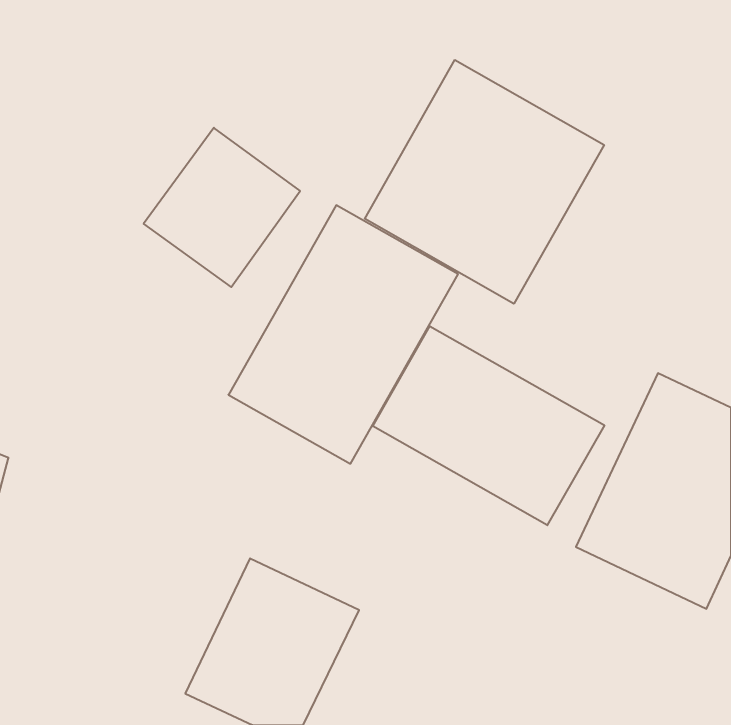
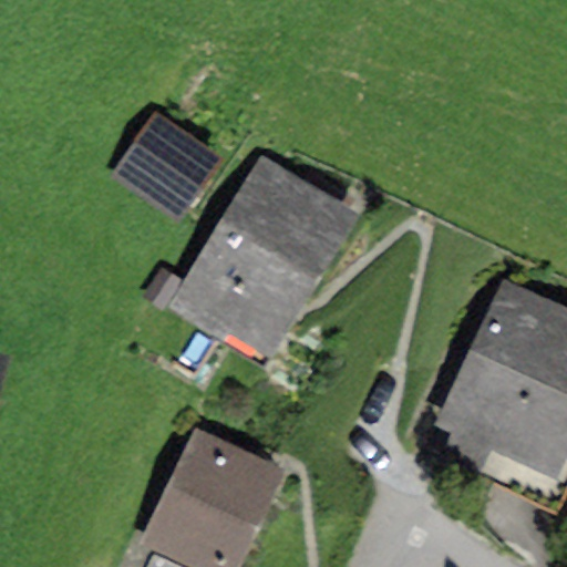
building: [365,60,604,304] -> none
building: [373,326,604,525] -> none

